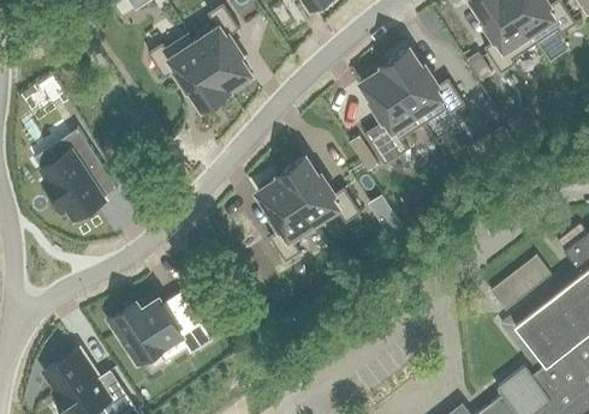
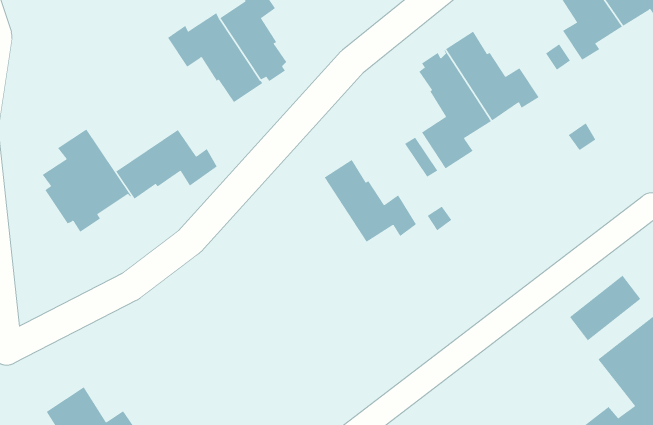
building: none -> [115,129,218,200]
building: [258,173,317,263] -> none
building: [109,294,210,365] -> none

